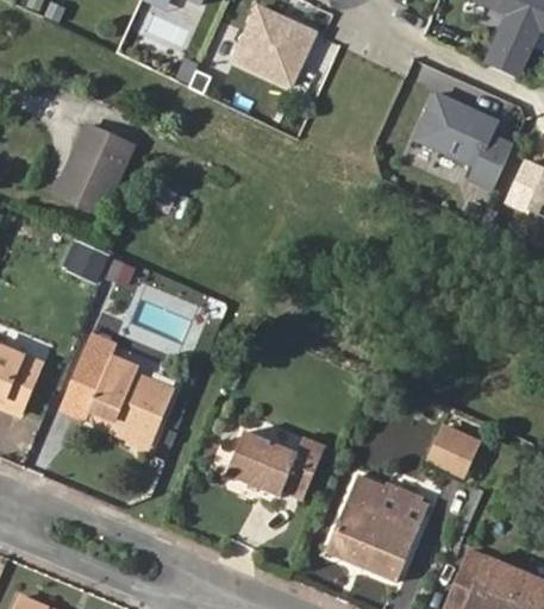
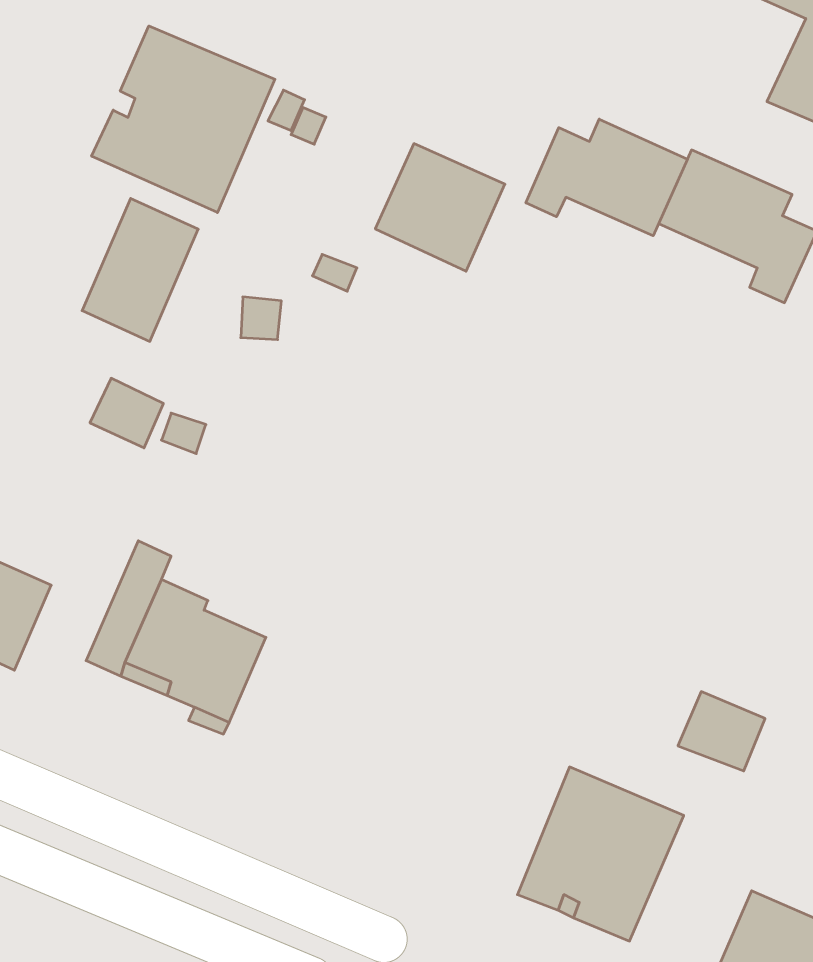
building: [232,7,312,86] -> [375,144,505,271]
building: none -> [92,26,275,213]
building: none -> [526,119,687,236]
building: [226,433,325,503] -> none

